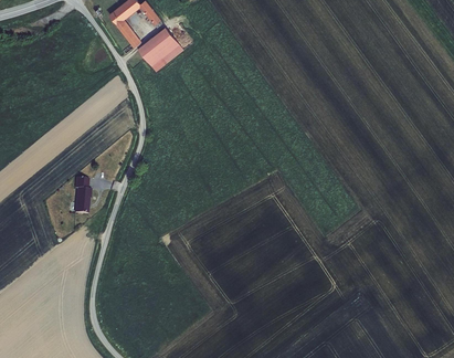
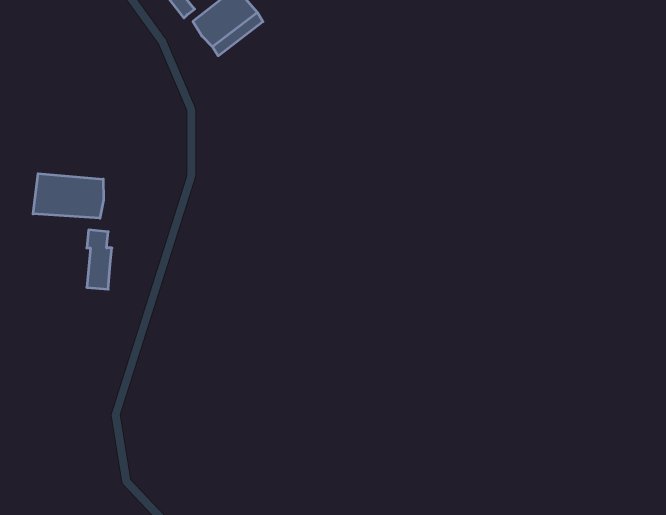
building: none -> [33,174,104,218]

